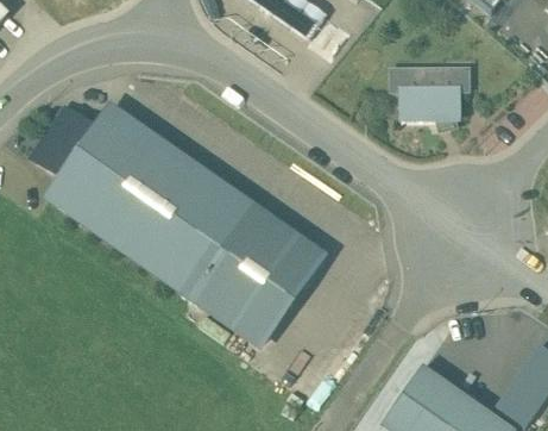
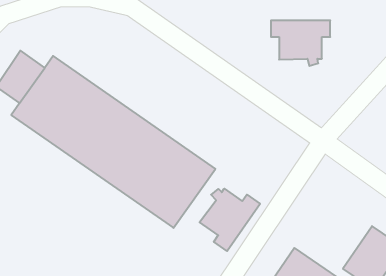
building: none -> [200,189,260,251]

